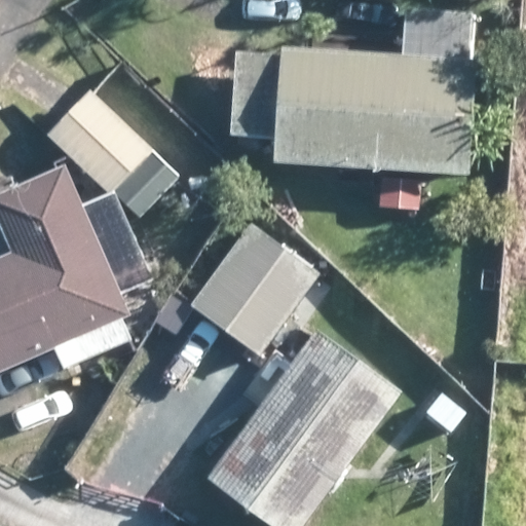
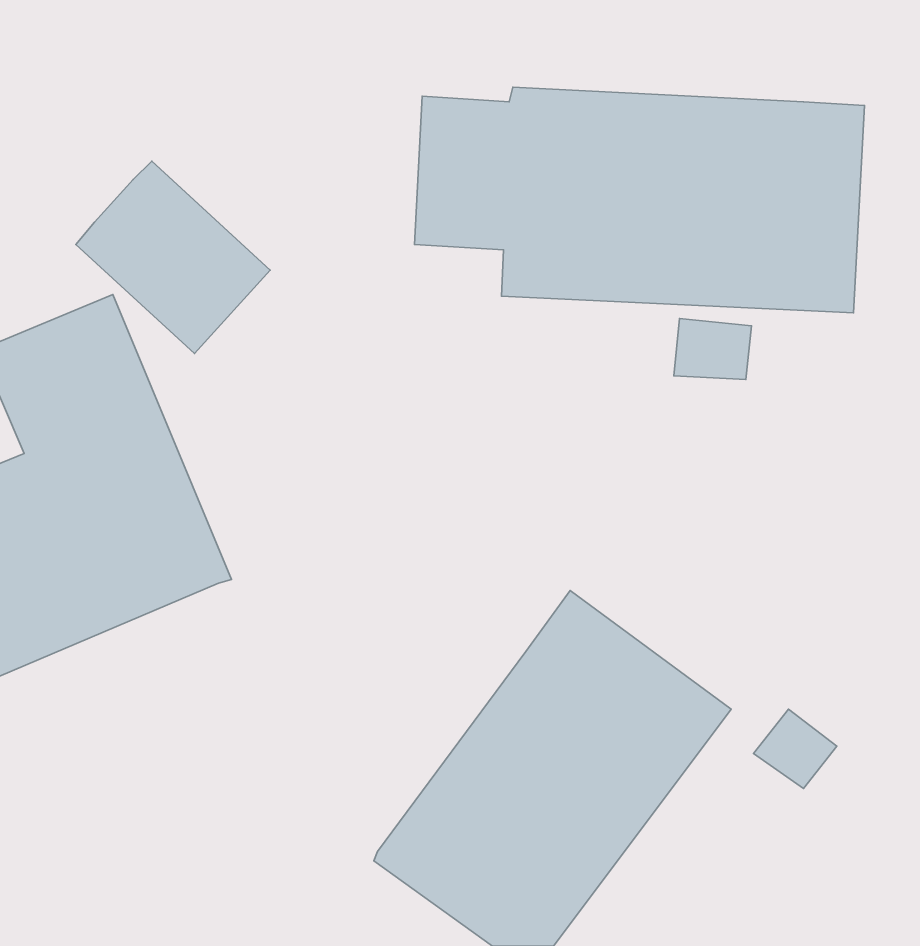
building: [187,220,321,356] -> none

